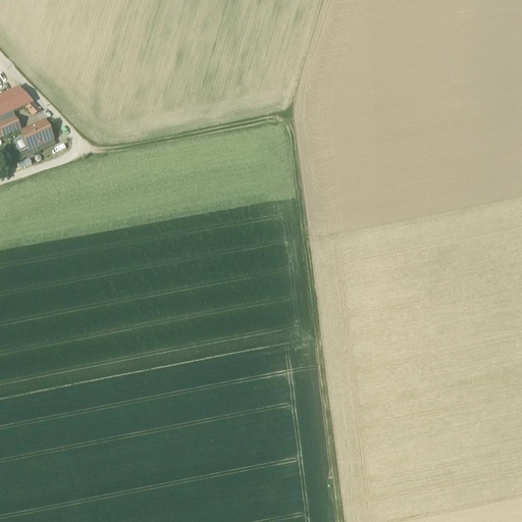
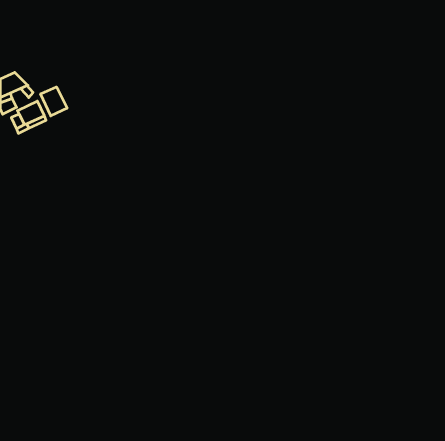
building: none -> [41,87,67,116]

